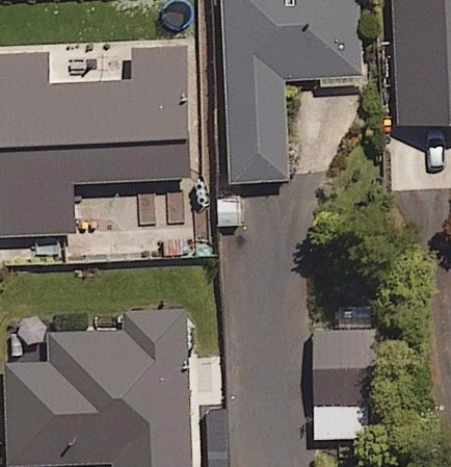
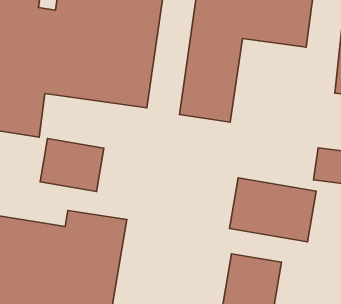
building: none -> [40,139,104,191]
building: none -> [230,178,316,242]

